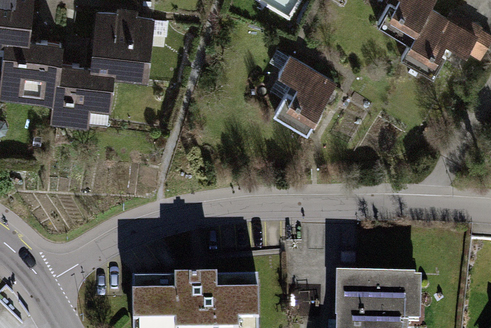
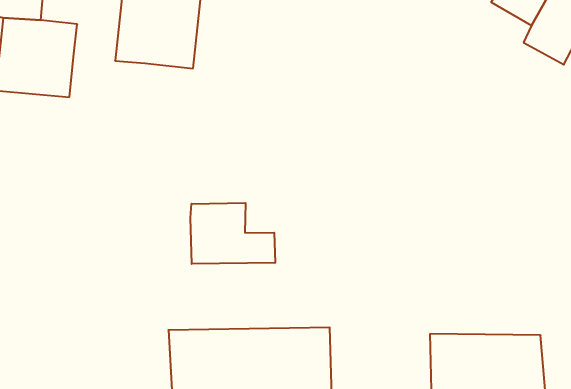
building: [278,52,337,130] -> none
building: [53,66,113,127] -> none
building: none -> [190,203,275,264]

